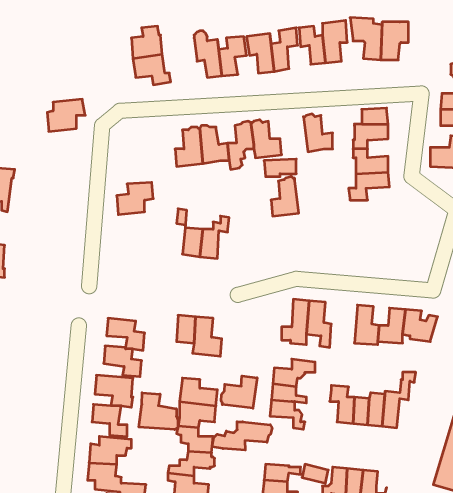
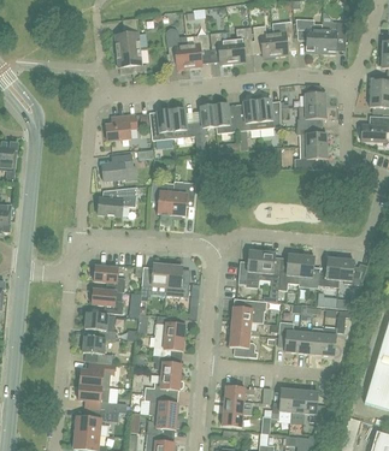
building: [47,99,85,131] -> [106,113,137,140]
building: [271,177,299,216] -> [237,97,260,130]
building: none -> [98,185,137,215]
building: none -> [278,253,301,290]
building: [221,376,257,408] -> none
building: [139,393,178,430] -> none
building: [212,422,272,450] -> none

